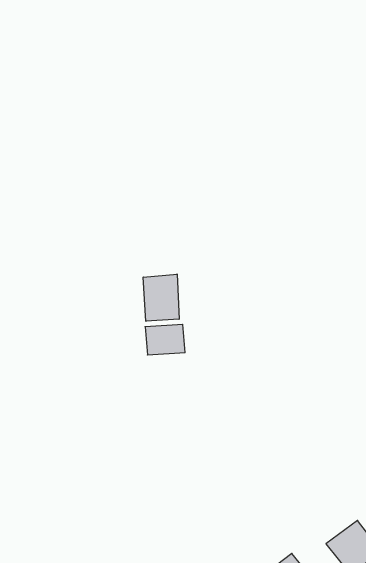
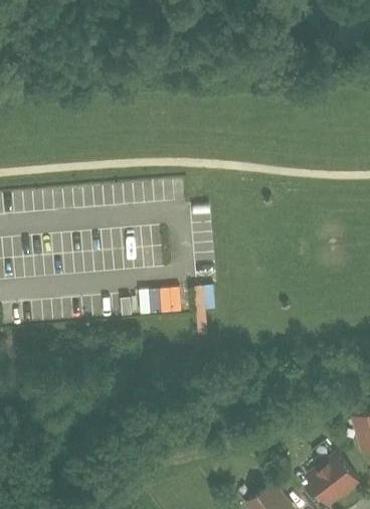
building: [143,274,179,321] -> none

